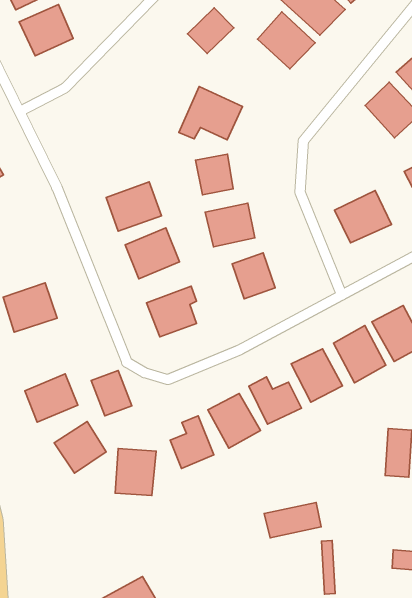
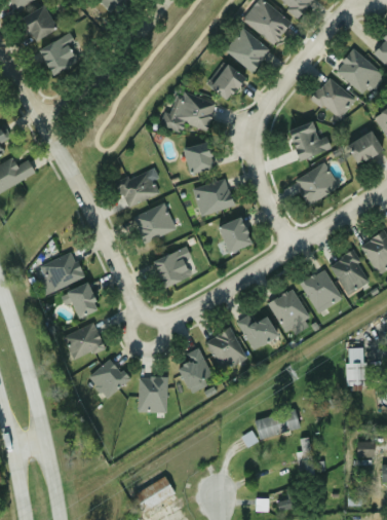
building: [187,8,234,54] -> [208,65,244,101]
building: none -> [287,121,331,161]
building: [91,371,132,416] -> [66,283,99,319]

